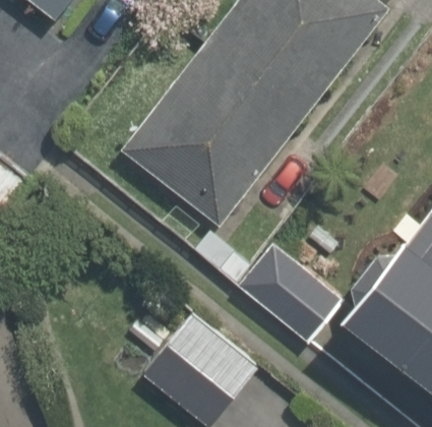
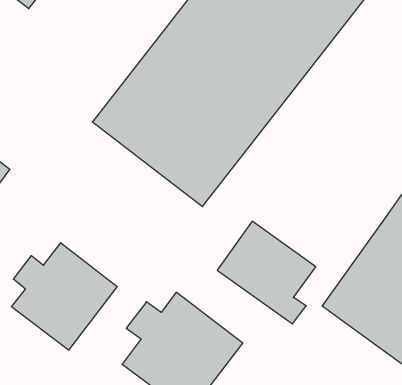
building: none -> [12,243,117,350]

